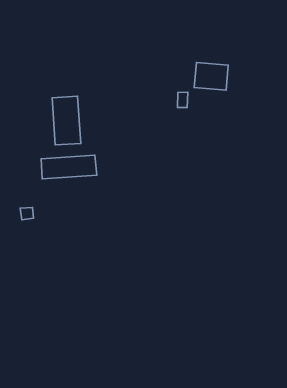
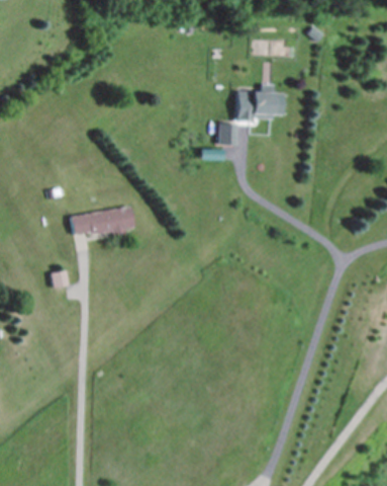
building: [52,96,81,145] -> none

